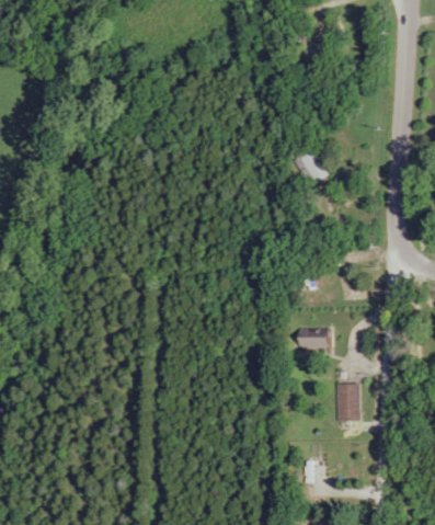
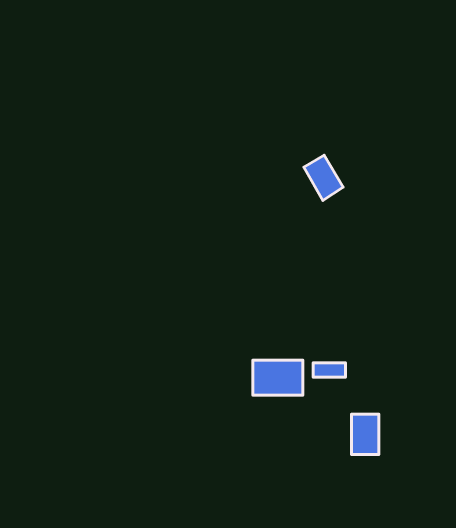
building: none -> [253,360,303,395]

